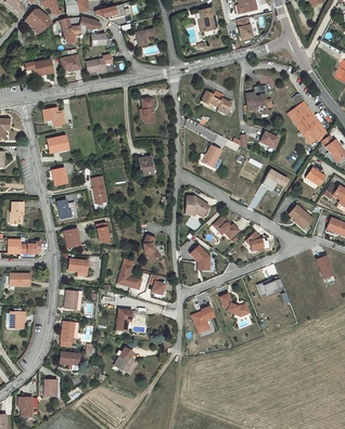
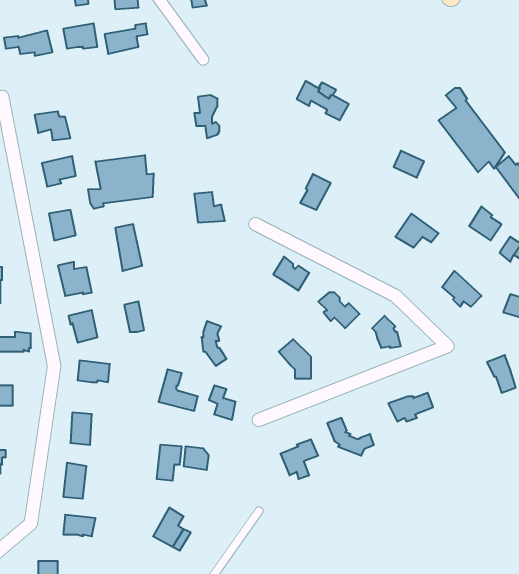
building: [243,84,267,115] -> none
building: none -> [88,155,153,209]

